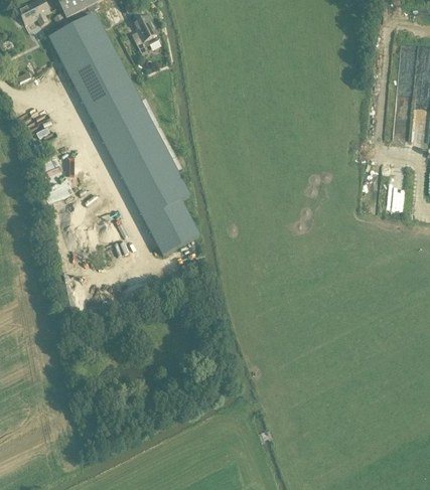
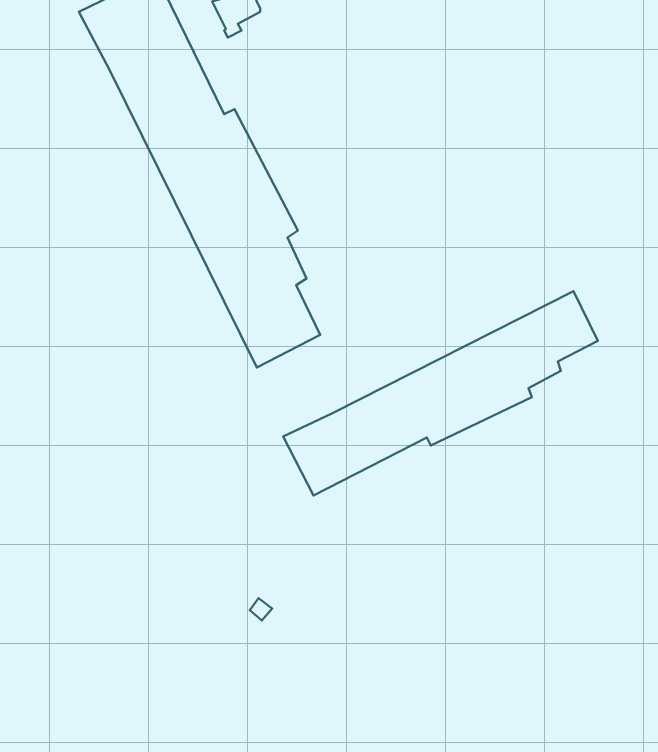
building: none -> [283,291,598,496]

